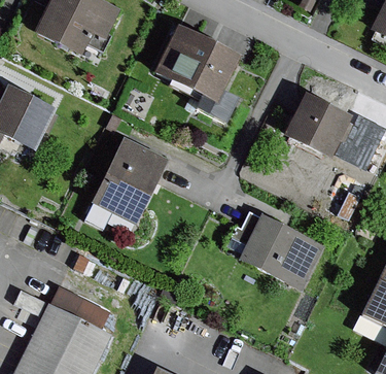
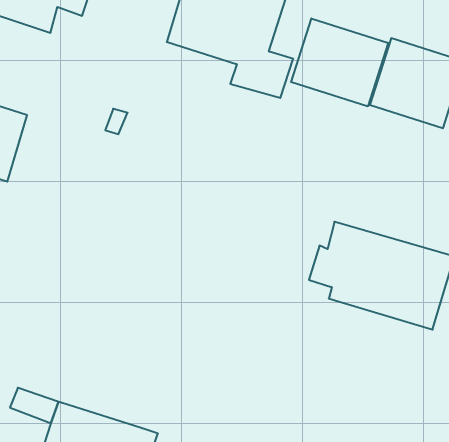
building: none -> [291,18,388,106]
building: [83,137,170,231] -> none
building: [51,284,111,328] -> none

